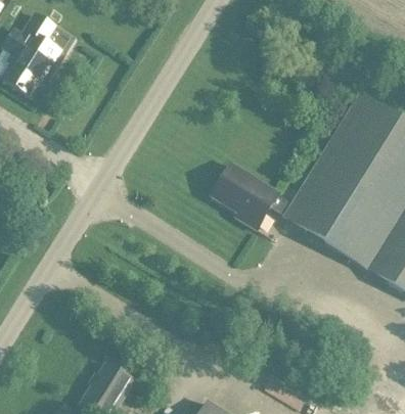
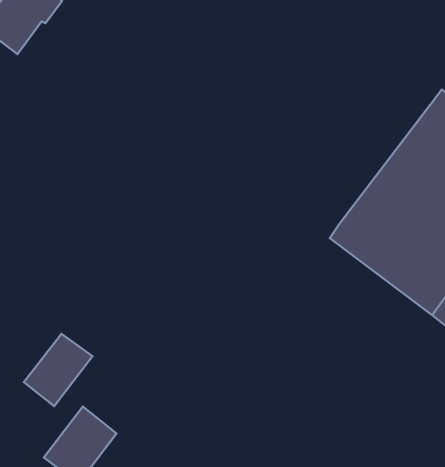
building: [211,163,289,226] -> none
building: none -> [24,334,92,406]

